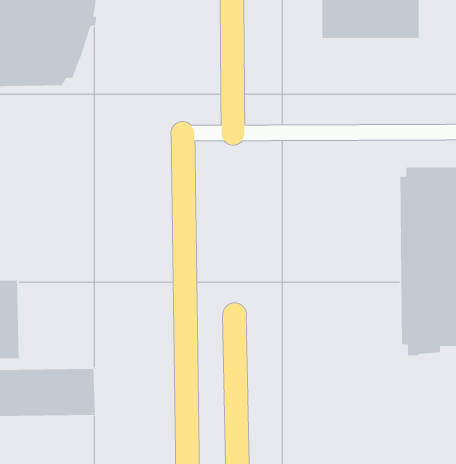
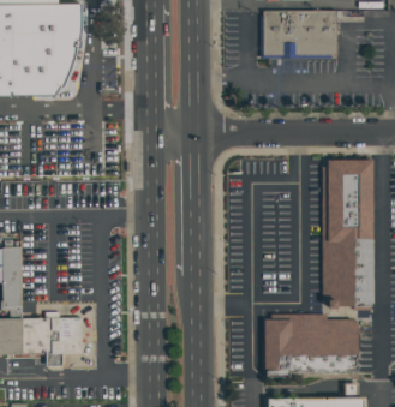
building: none -> [263,313,357,372]

